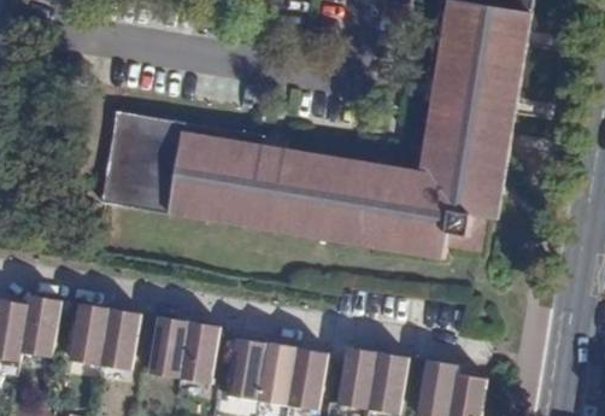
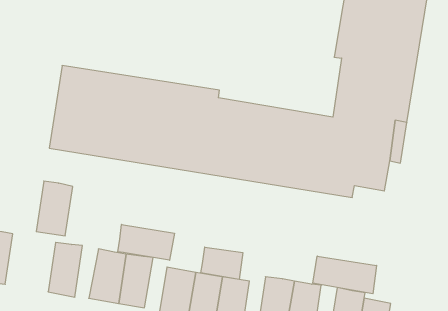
building: none -> [118,224,174,260]
building: [69,304,110,365] -> [36,181,73,236]
building: none -> [201,247,243,279]
building: none -> [313,256,377,294]

